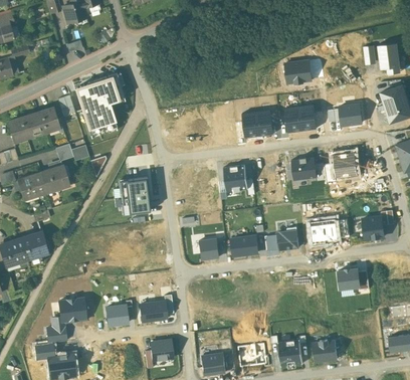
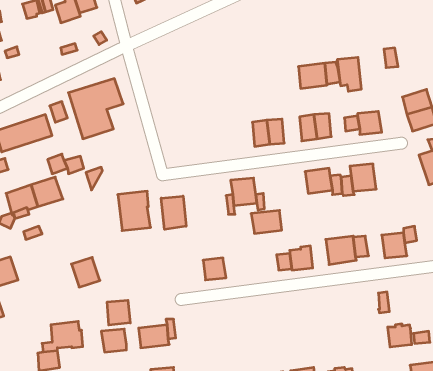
building: [378,43,400,74] -> [337,57,361,91]
building: none -> [161,196,186,229]
building: [21,232,47,259] -> [71,257,100,287]
building: [230,235,258,256] -> [251,210,282,233]
building: [338,267,360,289] -> [388,324,412,347]
building: none -> [107,300,130,325]

